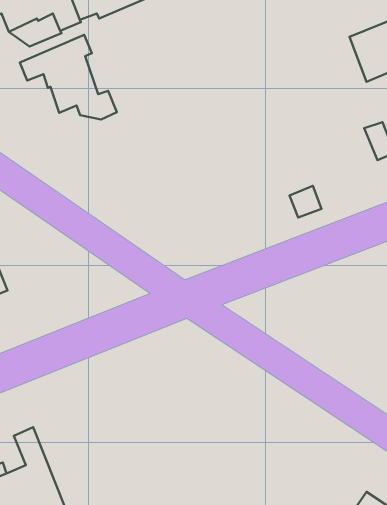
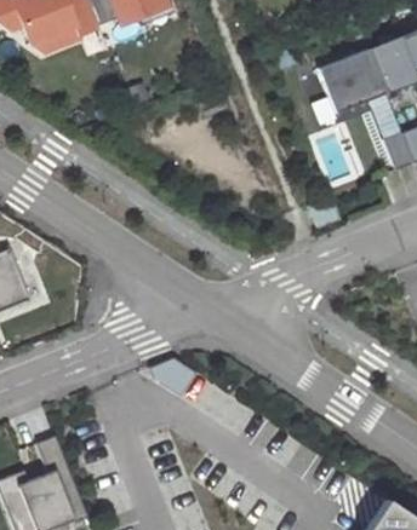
building: [20,35,117,119] -> none
building: none -> [319,47,387,113]

